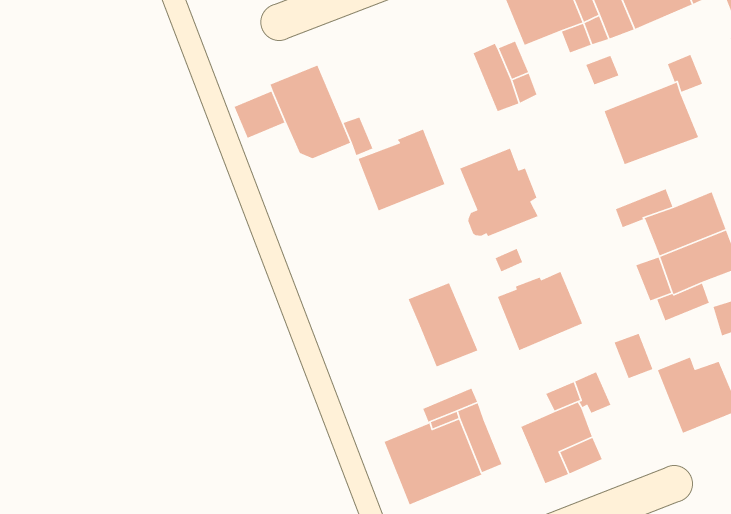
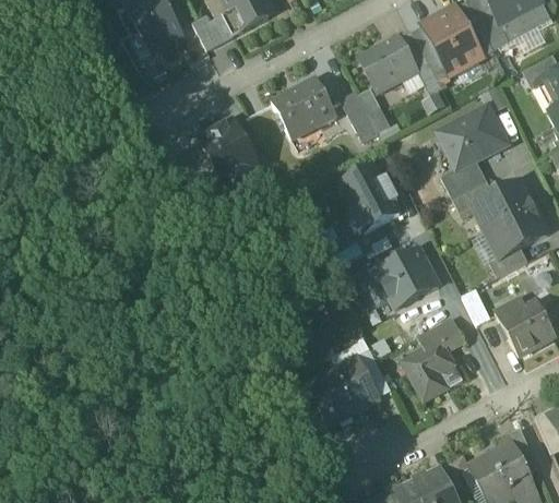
building: [358,129,446,211] -> [272,75,336,137]
building: none -> [441,158,488,200]
building: [407,282,478,367] -> none

